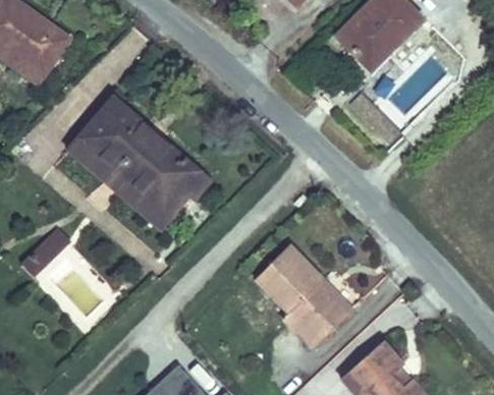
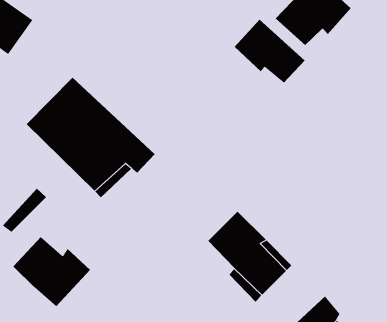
building: none -> [234,19,306,84]
building: none -> [13,236,91,307]

